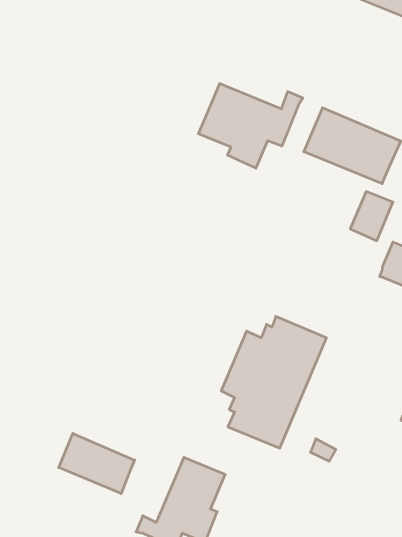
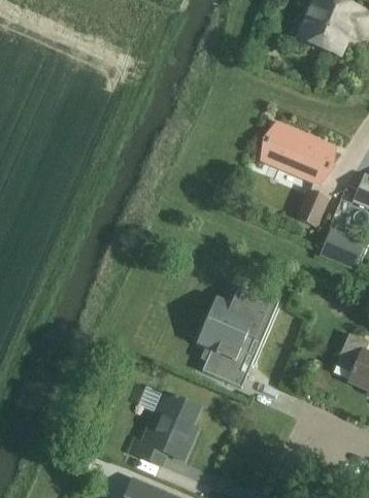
building: [198,83,303,168] -> none
building: [59,433,135,494] -> none

